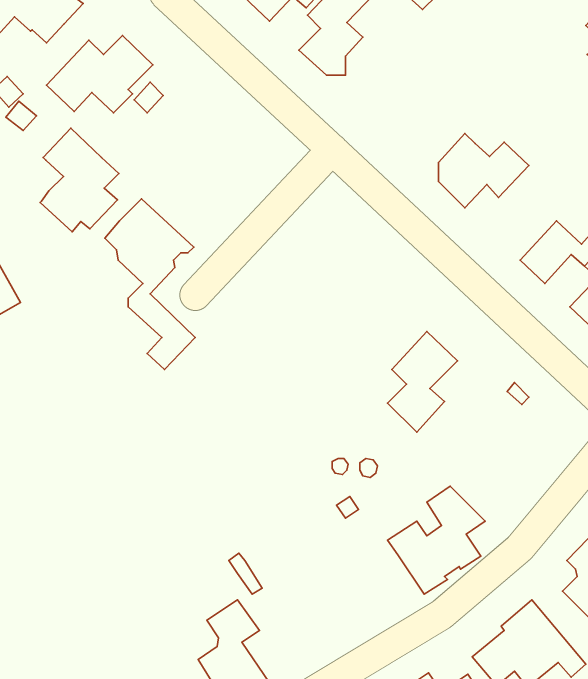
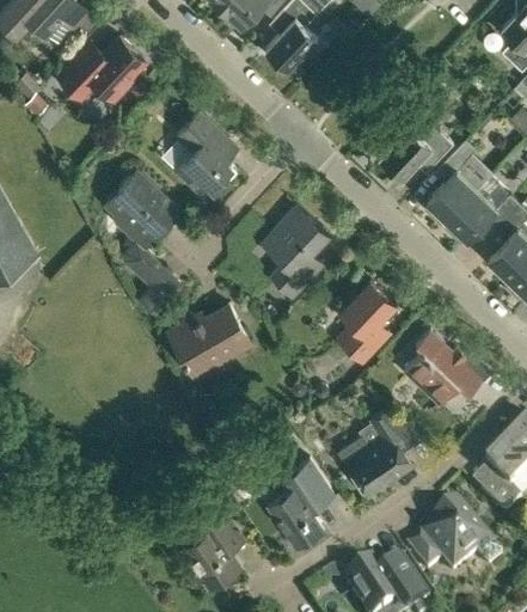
building: [40,128,119,232] -> [174,112,239,197]
building: none -> [425,141,483,225]
building: none -> [263,207,327,299]
building: none -> [168,306,252,377]
building: none -> [404,330,484,406]
building: none -> [266,459,335,549]

